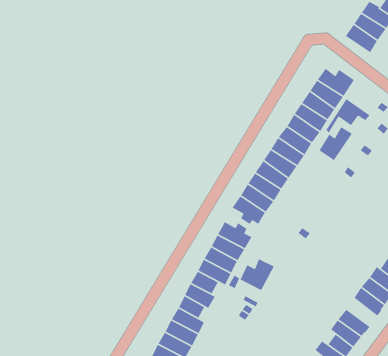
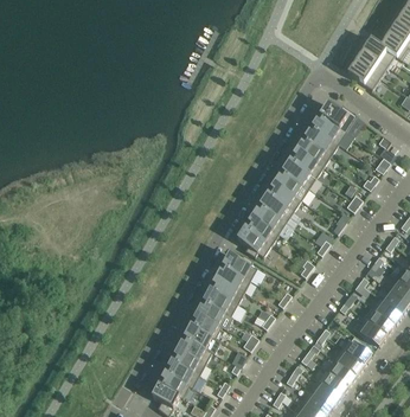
building: [318,126,353,161] -> none
building: [239,258,275,291] -> none

